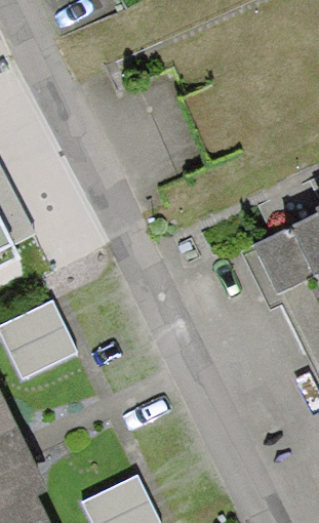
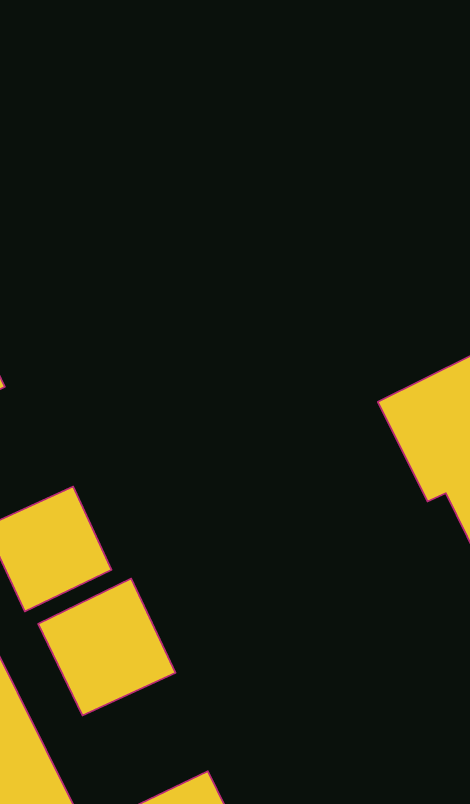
building: none -> [38,579,175,716]

